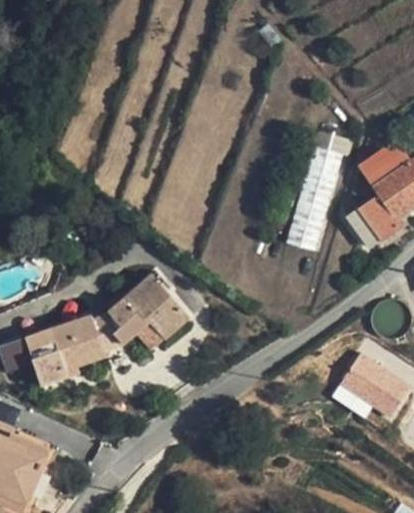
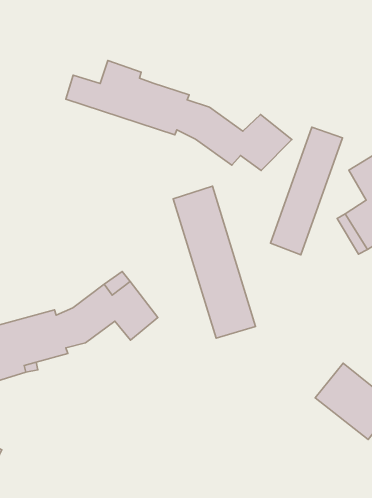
building: none -> [66,60,292,171]
building: none -> [173,186,256,338]

